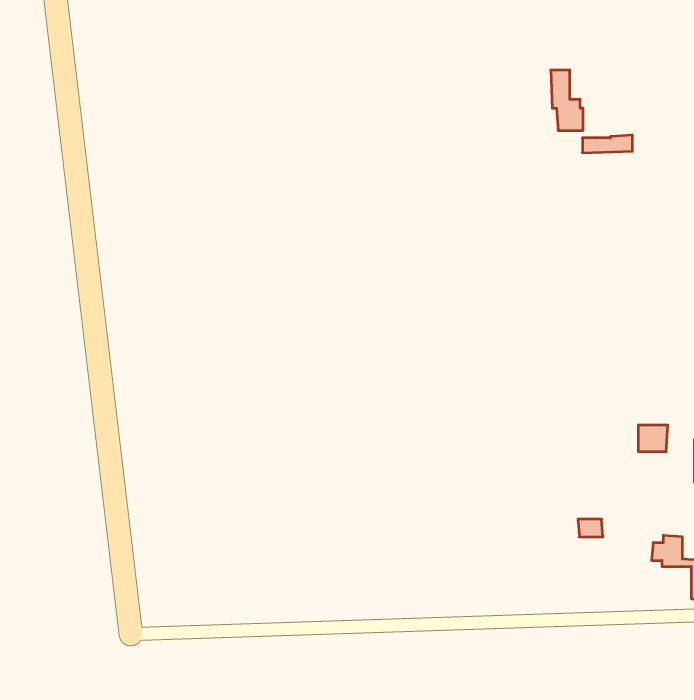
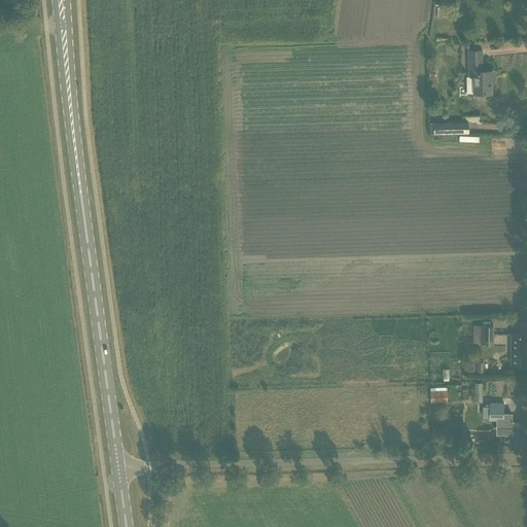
building: [551,70,583,130] -> [471,50,494,93]

